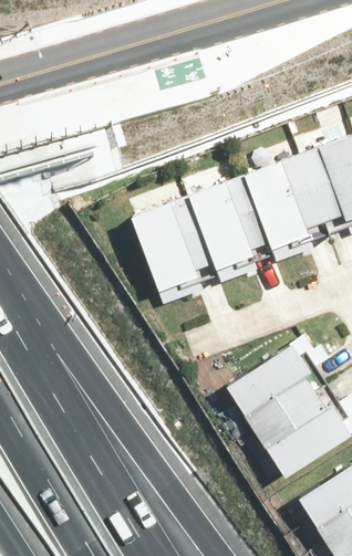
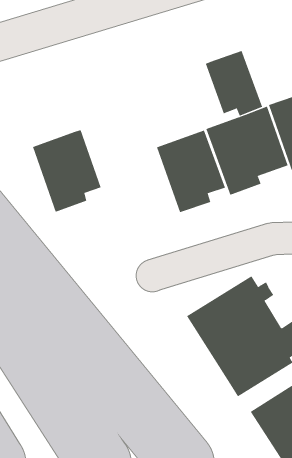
building: none -> [205,50,263,117]
building: [133,197,213,292] -> [32,130,102,213]

